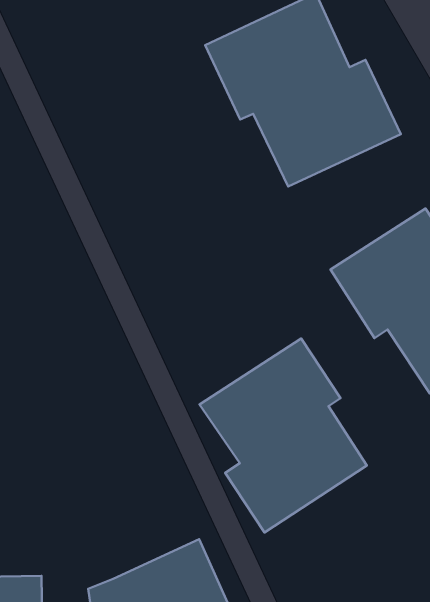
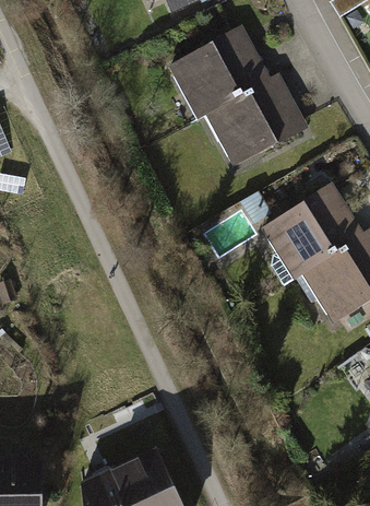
building: [200,338,367,533] -> none

